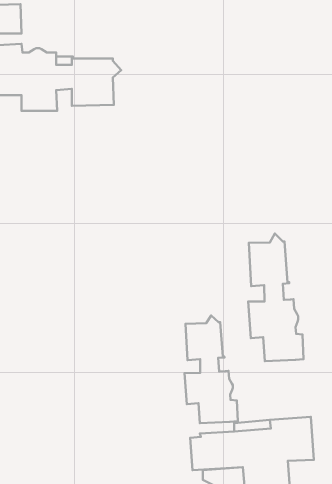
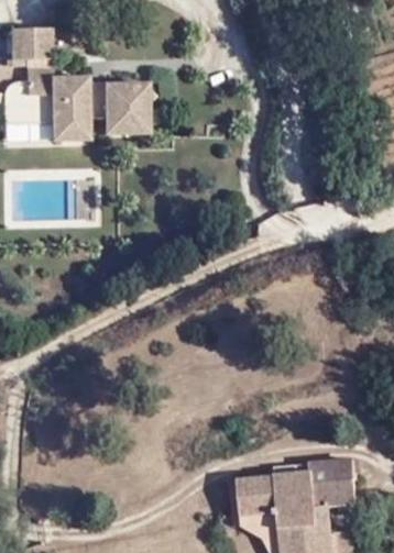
building: [248,233,304,361] -> none
building: [185,315,238,423] -> none

